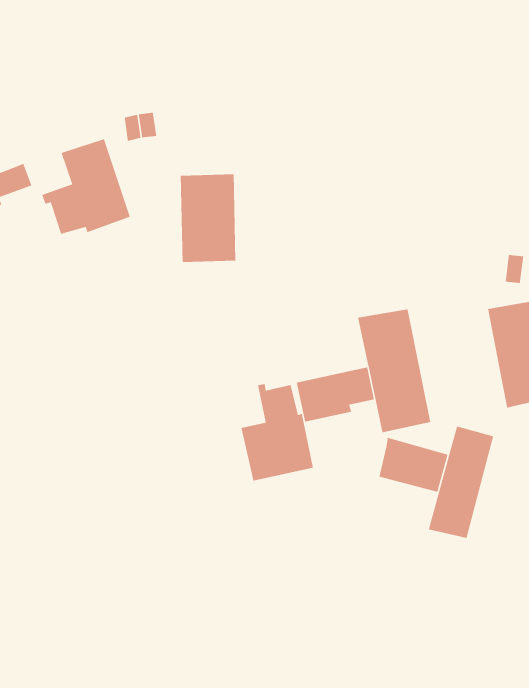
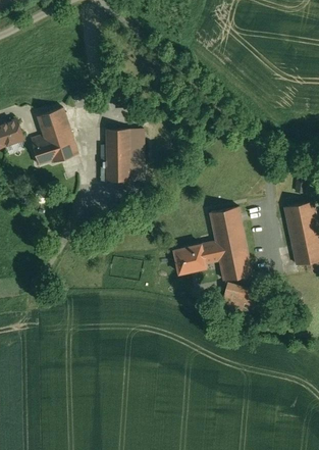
building: [240,383,314,482] -> none
building: [428,425,494,539] -> none

